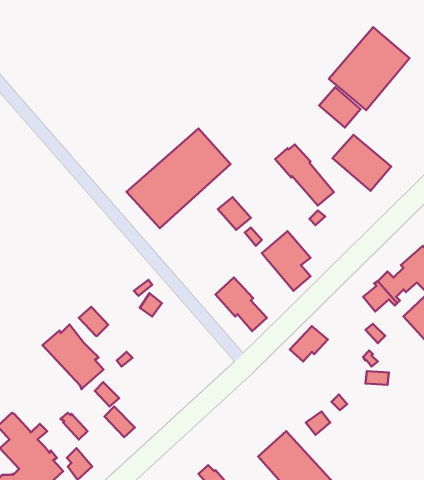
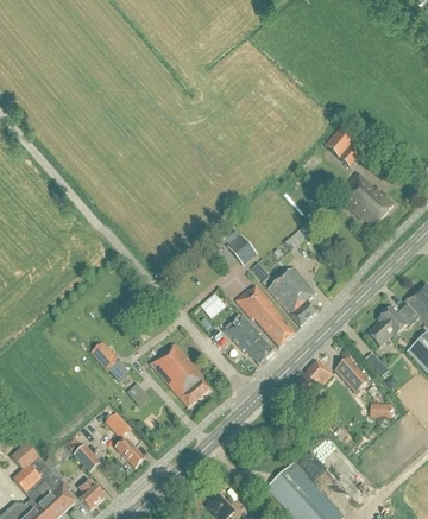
building: [329,27,409,110] -> none
building: [127,128,230,228] -> none
building: [275,144,334,205] -> [237,285,294,344]
building: none -> [334,355,369,392]
building: [43,325,103,389] -> [150,342,209,405]

